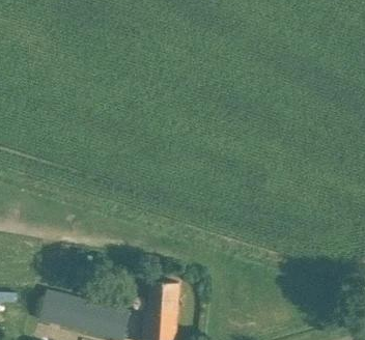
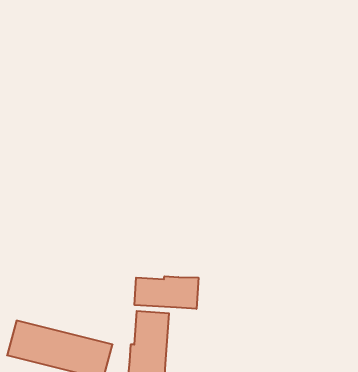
building: none -> [135,276,198,309]

